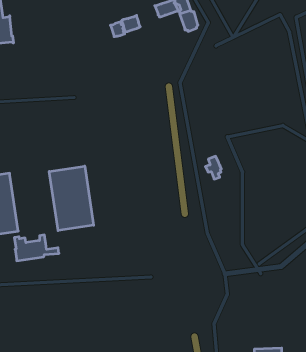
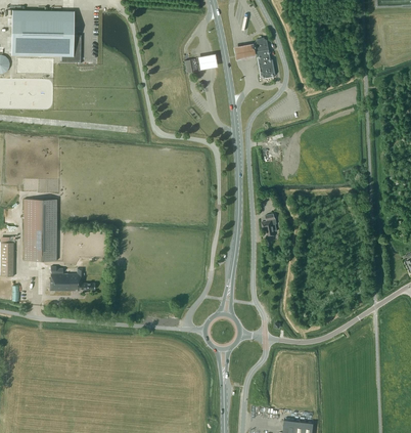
building: [49,166,94,231] -> none

